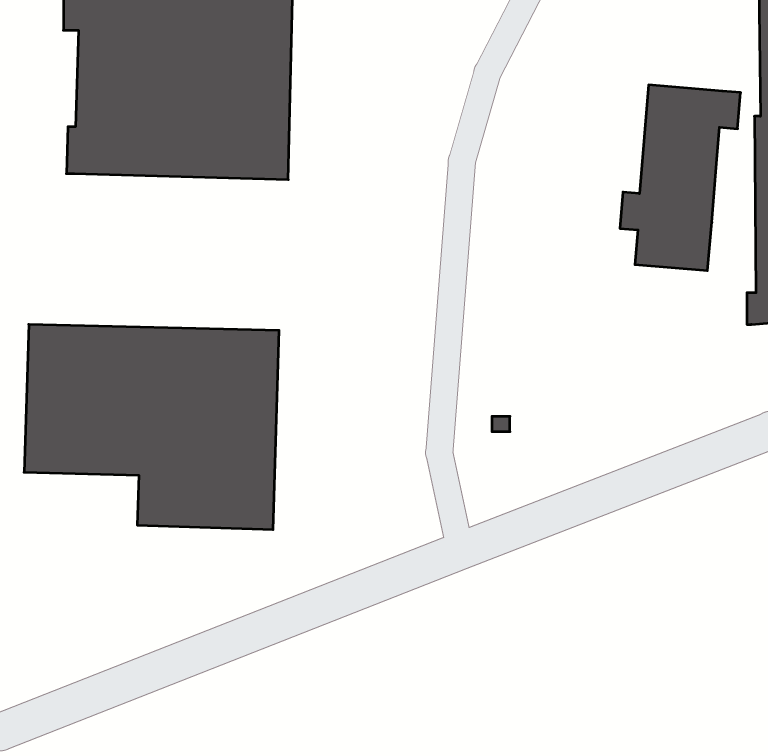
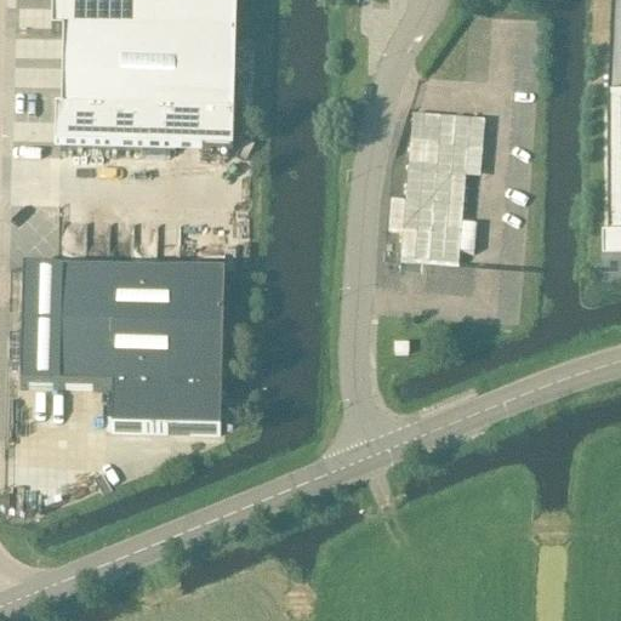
building: [620,85,741,271] -> [391,106,488,255]

